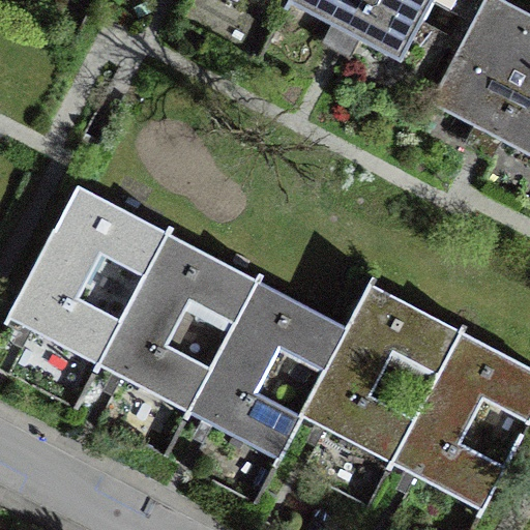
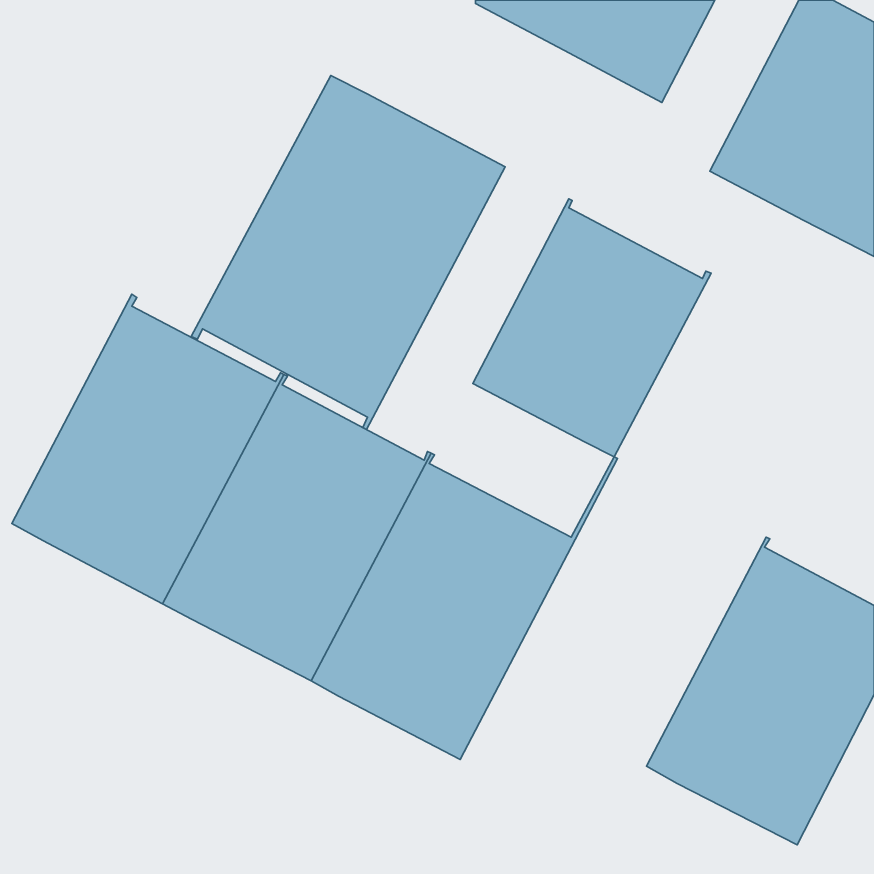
building: none -> [191,75,505,430]
building: none -> [473,199,711,457]
building: [278,277,464,464] -> none

